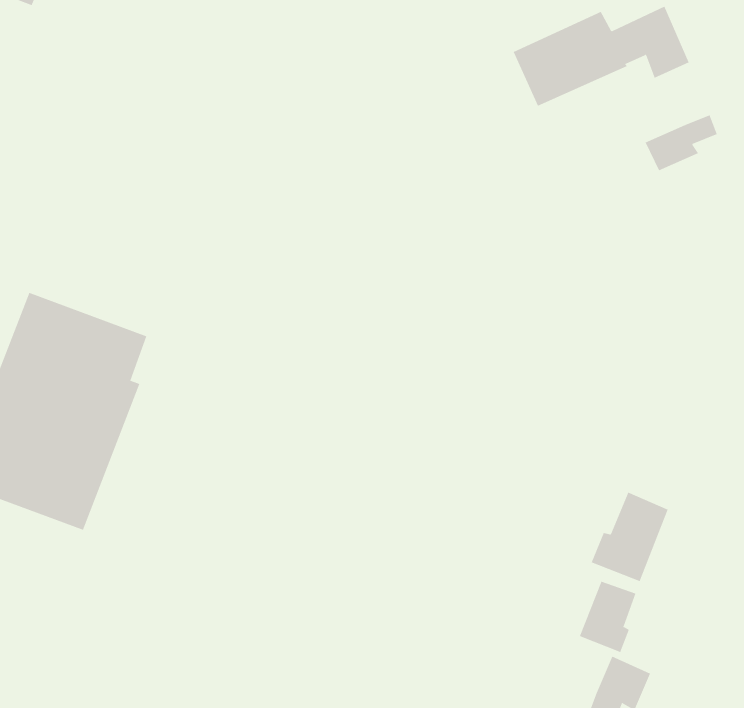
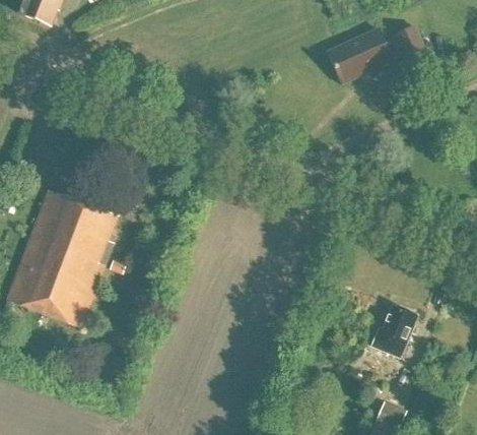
building: [645,114,718,171] -> none
building: [579,581,636,653] -> none

